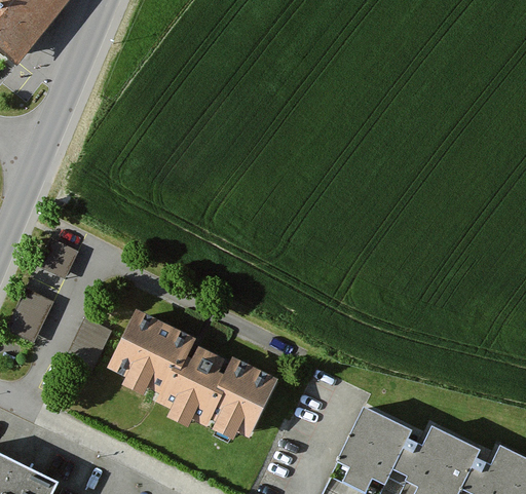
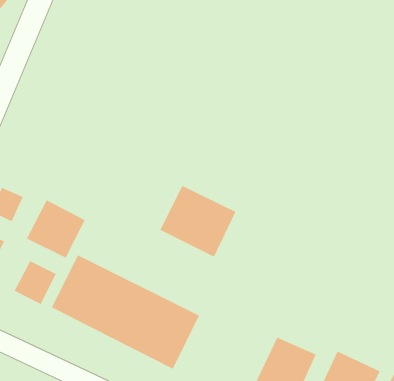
building: none -> [159,185,236,257]
building: none -> [26,200,85,259]

